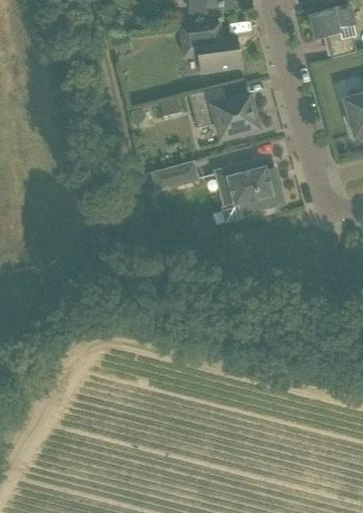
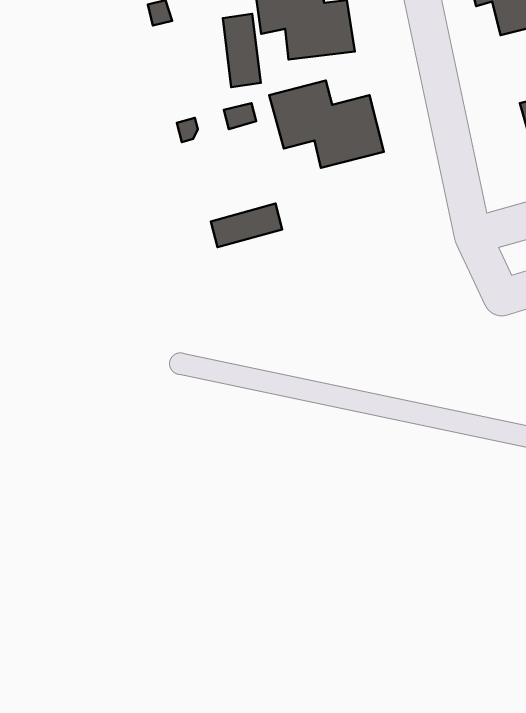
building: none -> [223,14,261,87]
building: [216,158,285,212] -> none

